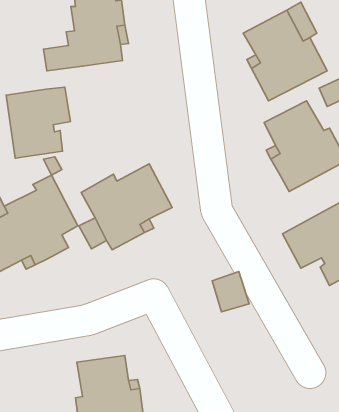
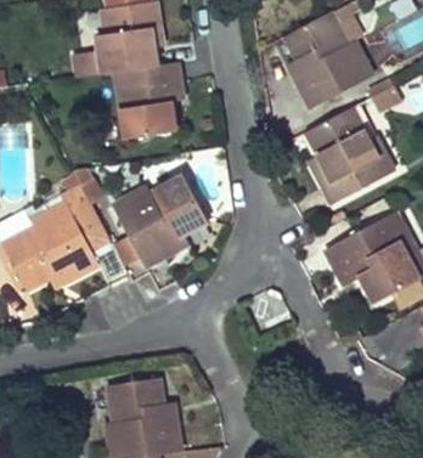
building: [6,87,70,158] -> [114,63,182,138]

